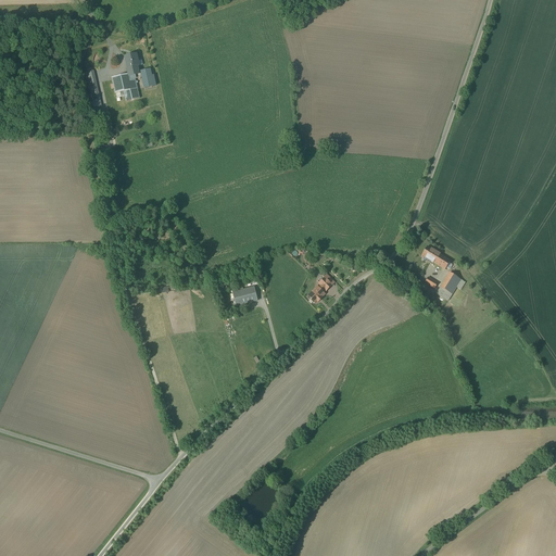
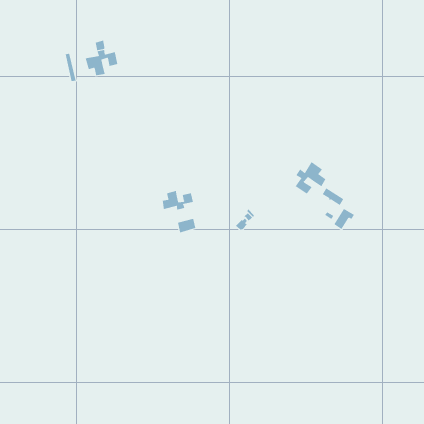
building: none -> [295,161,326,194]
building: none -> [162,190,194,211]

